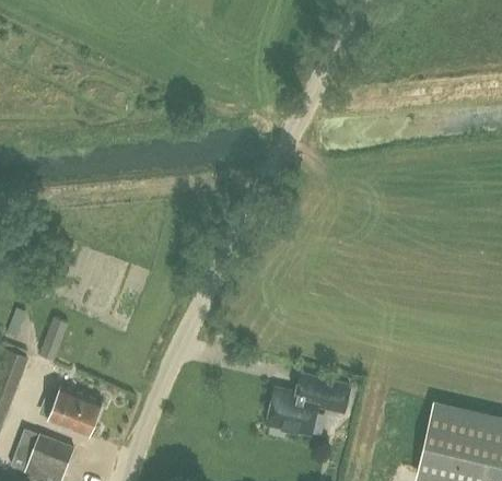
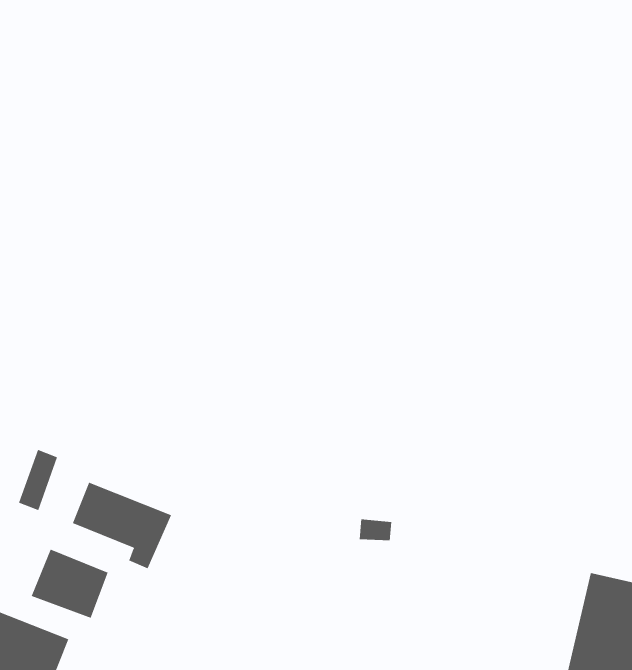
building: none -> [72,482,172,569]
building: [268,375,351,434] -> none

